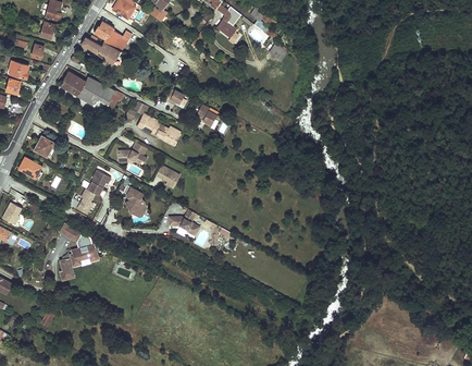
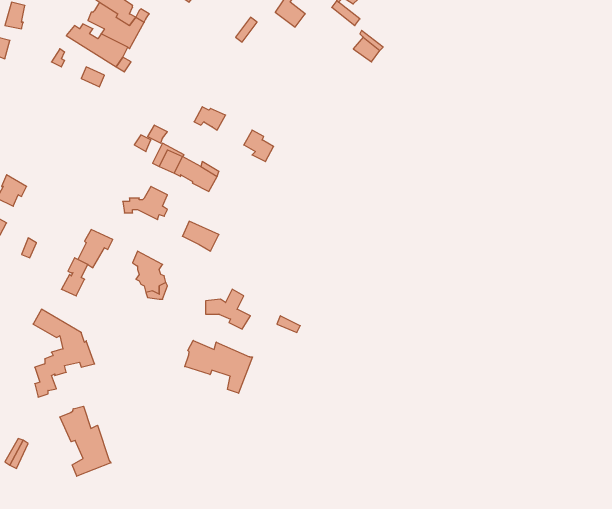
building: [61,72,124,108] -> none
building: none -> [185,340,252,393]
building: none -> [60,406,111,476]

